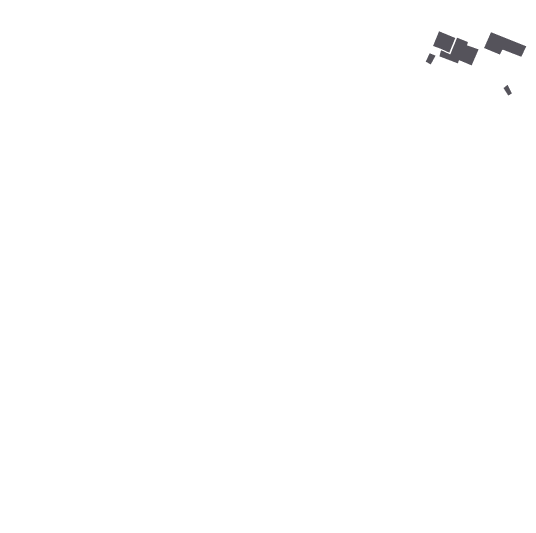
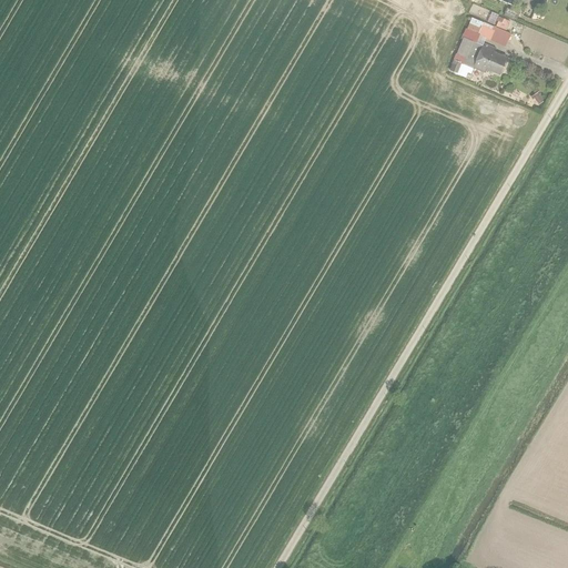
building: [483,31,527,58] -> [464,18,510,45]

